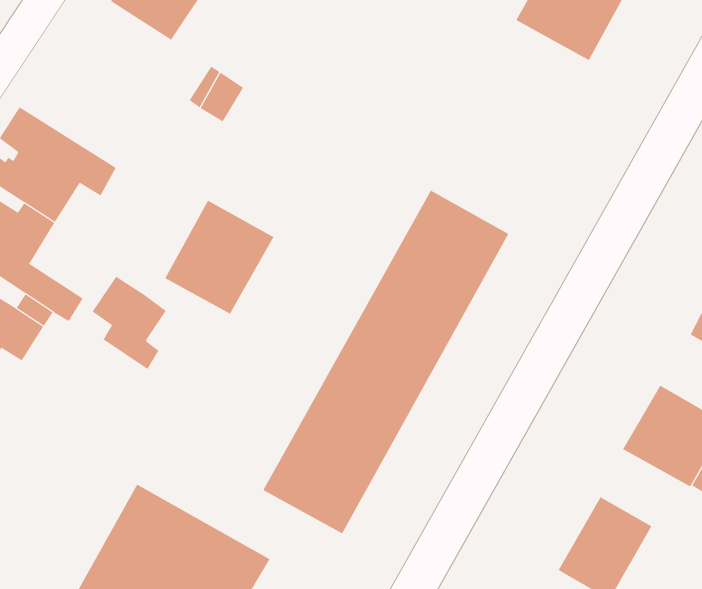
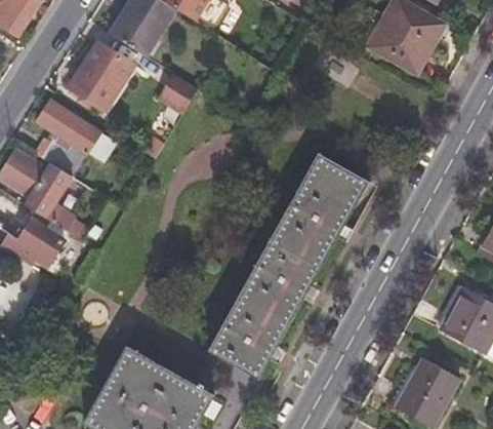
building: none -> [70,42,134,112]
building: [164,200,274,315] -> none
building: [92,276,166,370] -> none

